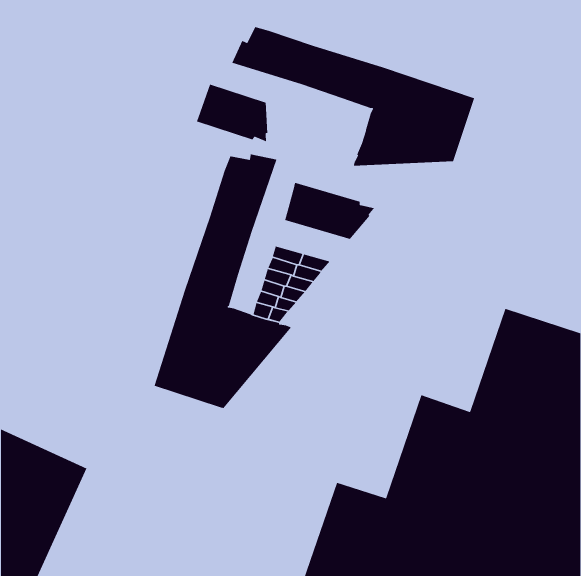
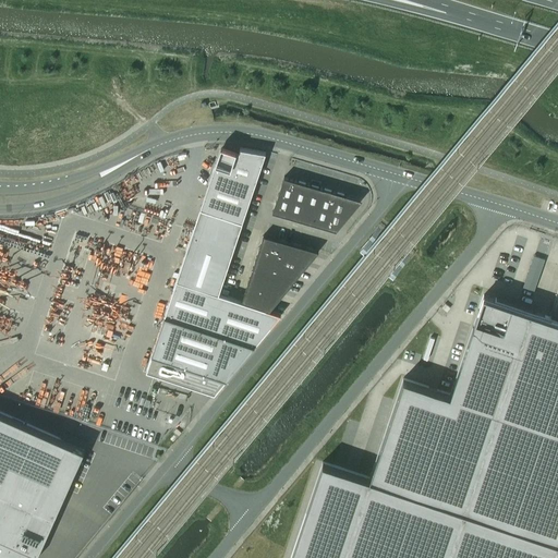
building: [231,26,475,167] -> none
building: [196,83,268,143] -> none

